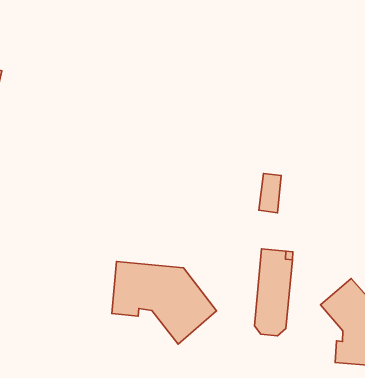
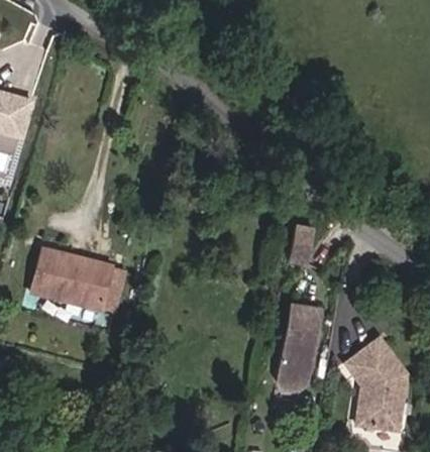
building: none -> [32,248,112,310]
building: [112,262,216,344] -> none

